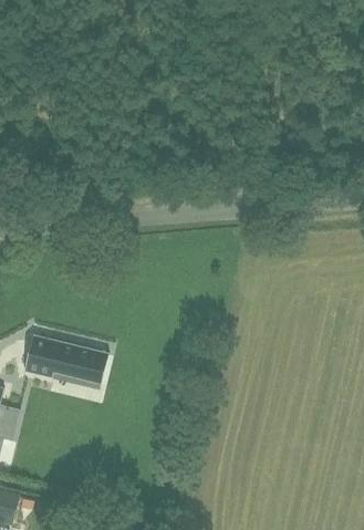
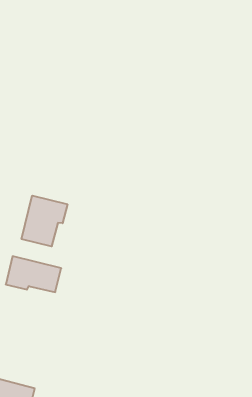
building: none -> [22,196,67,246]

